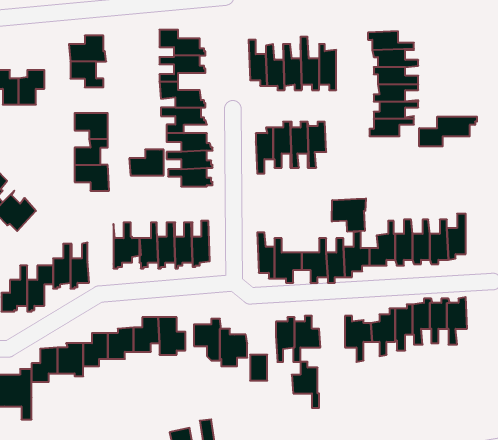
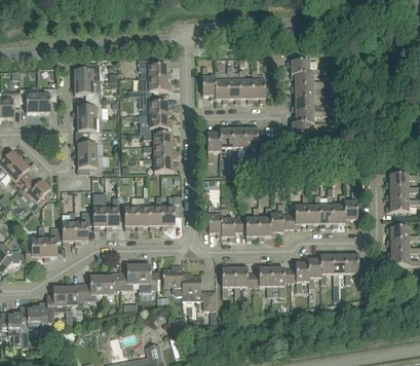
building: [419,117,477,146] -> none
building: [129,150,164,175] -> [77,100,102,118]
building: [332,198,366,232] -> none
building: none -> [87,197,106,229]
building: [292,362,319,408] -> [253,263,272,296]

